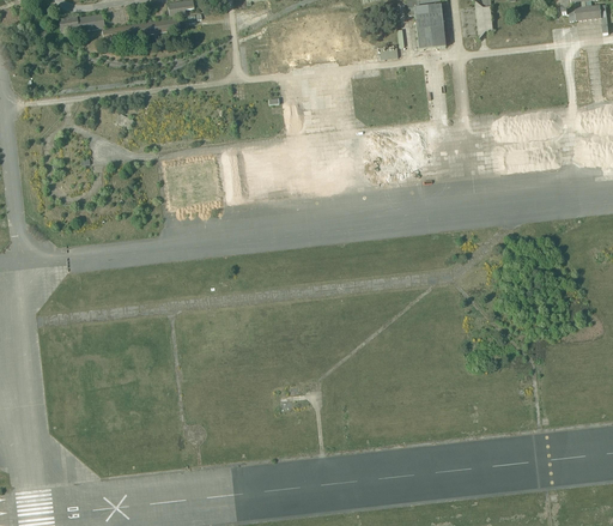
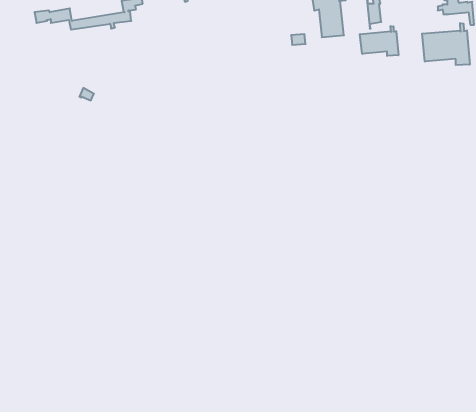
building: none -> [422,23,470,65]
building: none -> [360,26,398,56]

